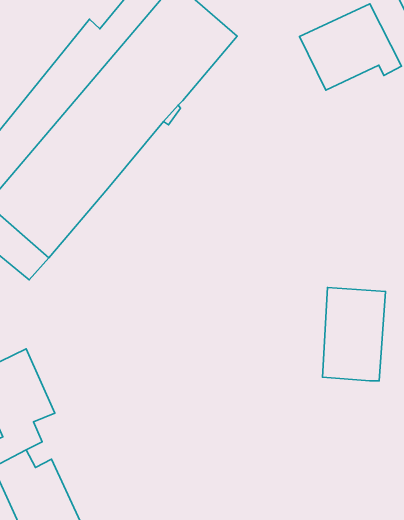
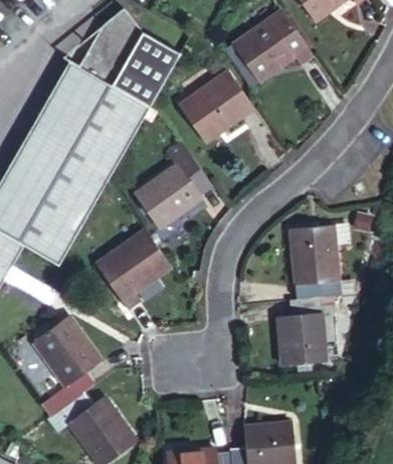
building: none -> [180,68,253,136]
building: none -> [133,143,208,224]
building: none -> [89,226,164,305]
building: none -> [275,297,331,368]

